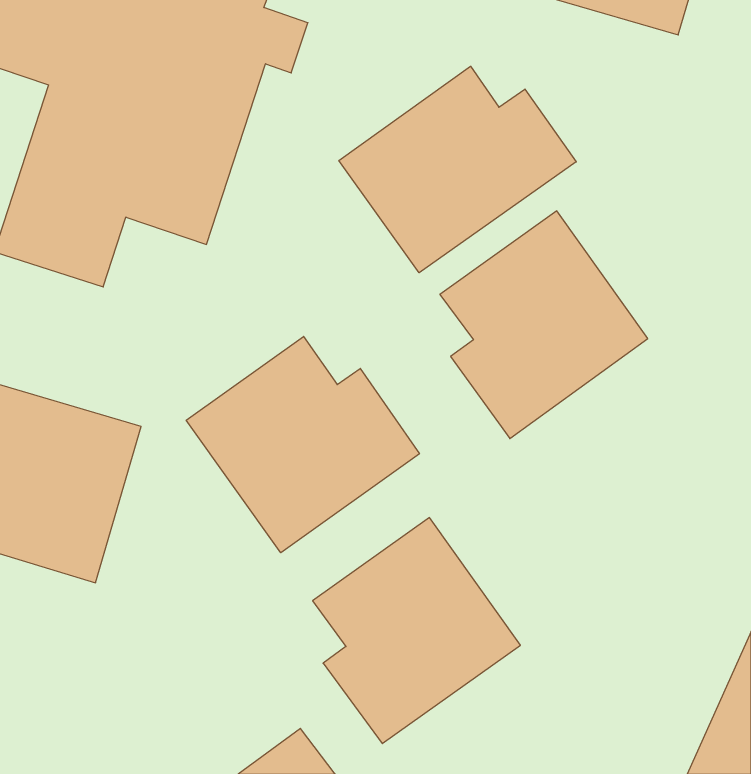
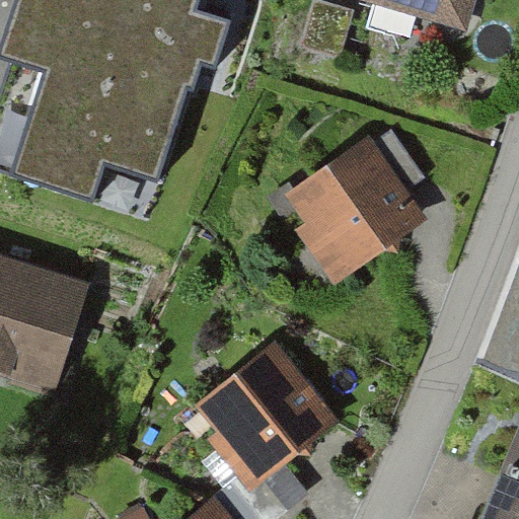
building: [339,66,576,273] -> none
building: [186,336,419,553] -> none

